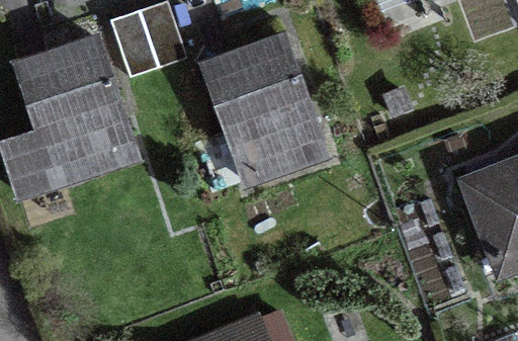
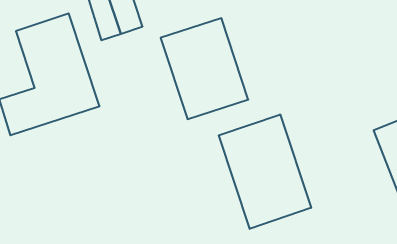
building: none -> [219,114,311,229]

